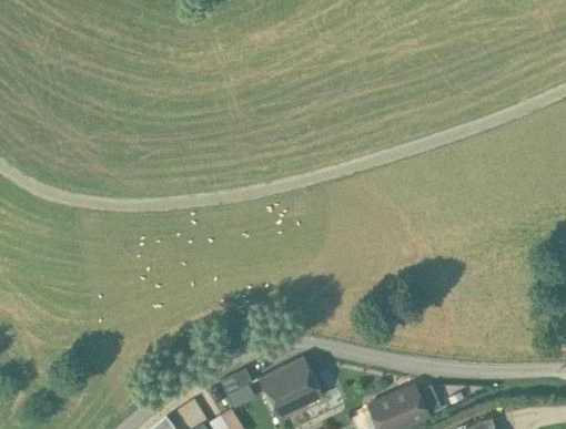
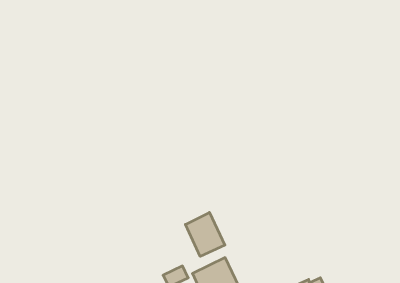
building: none -> [185,212,225,256]

